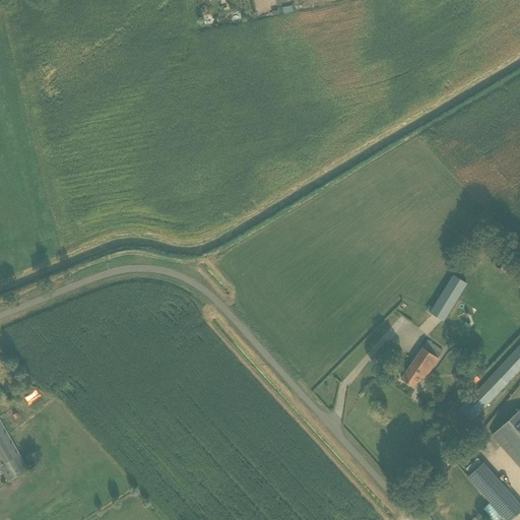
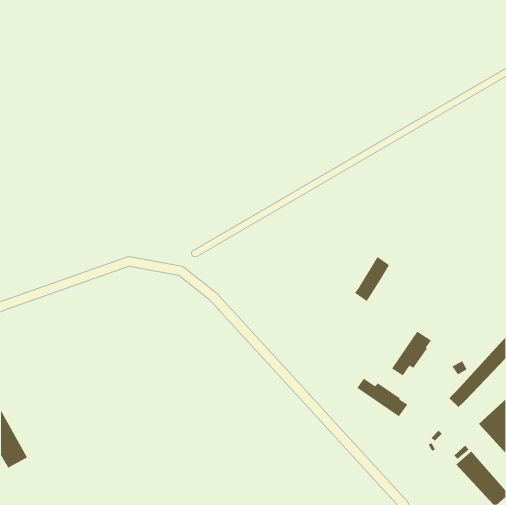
building: [430,273,466,320] -> [354,256,390,302]
building: none -> [356,378,408,417]

